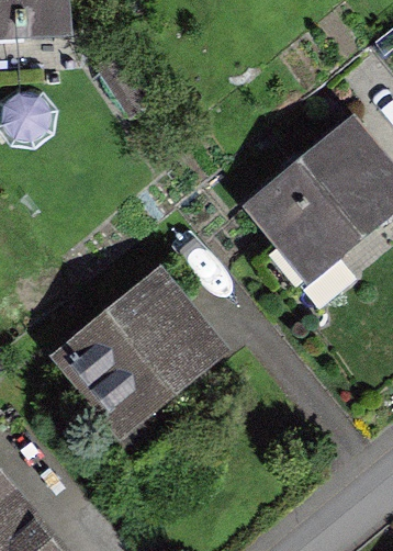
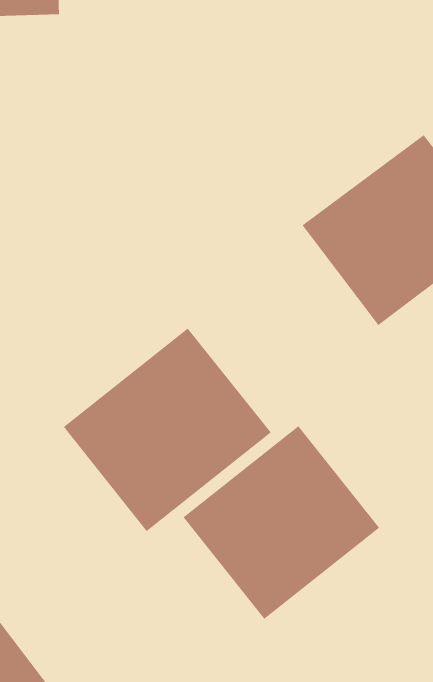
building: none -> [182,425,380,620]

